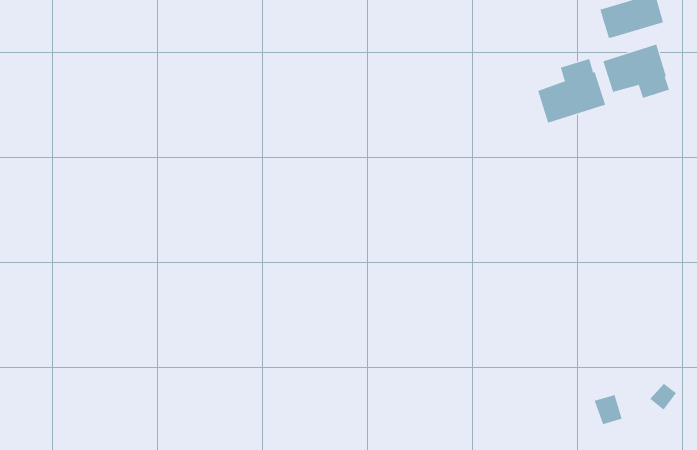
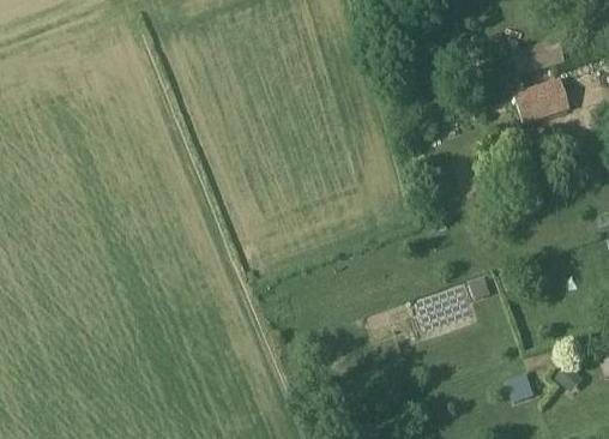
building: [537,58,606,124] -> none

